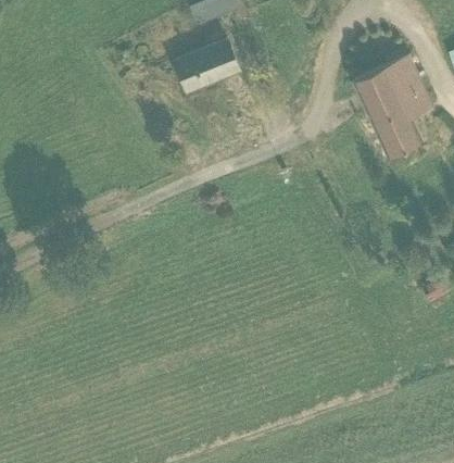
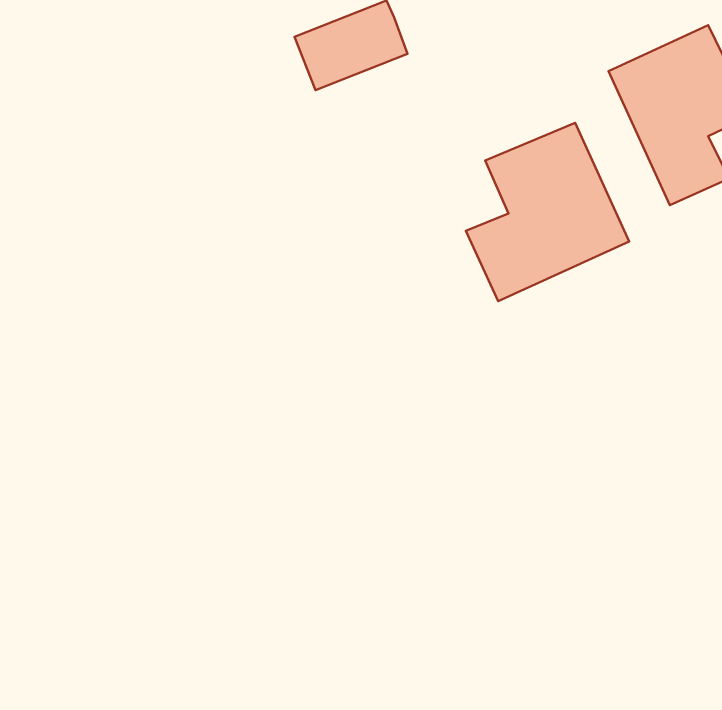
building: none -> [466,123,629,301]

